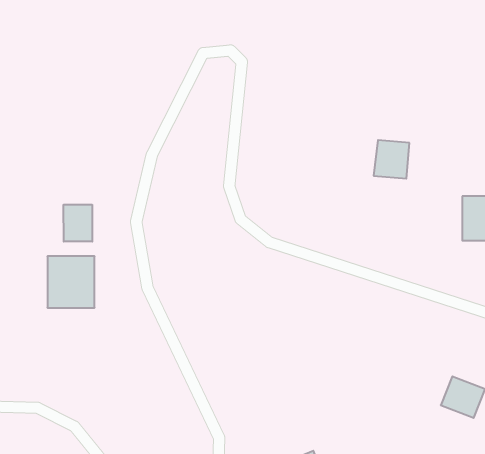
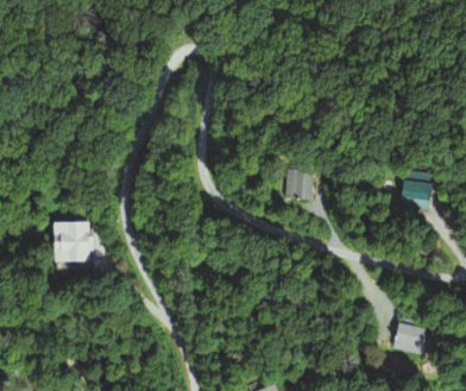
building: [374,140,409,179] -> [288,168,317,200]
building: [64,205,92,242] -> none

